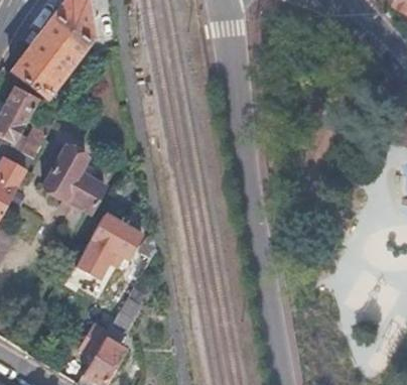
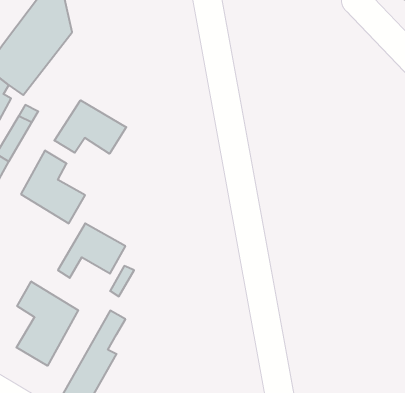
building: none -> [54,100,126,154]
building: none -> [16,281,78,366]

